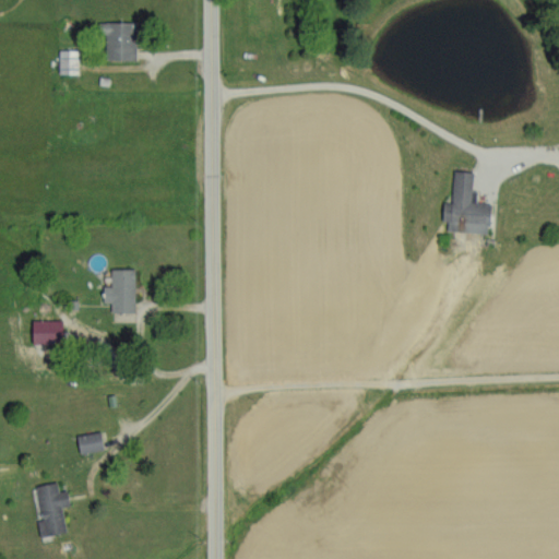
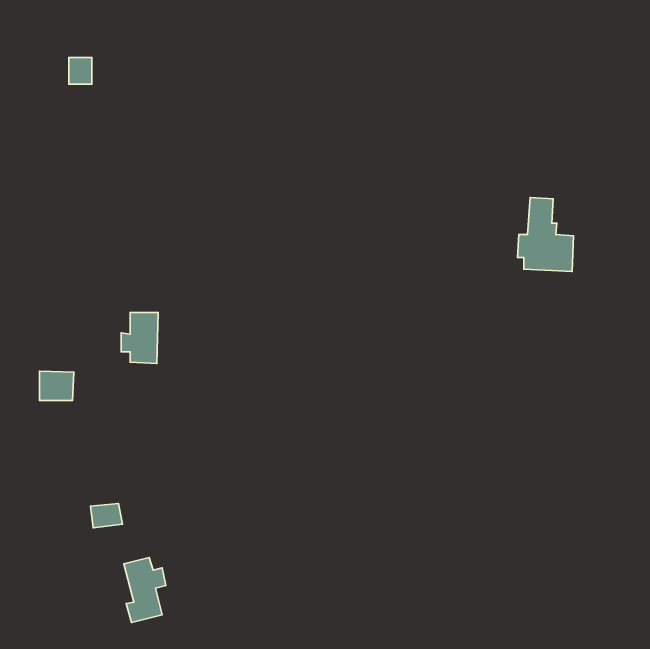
building: [104,23,136,61] -> none
building: [35,483,71,538] -> [124,558,166,623]

